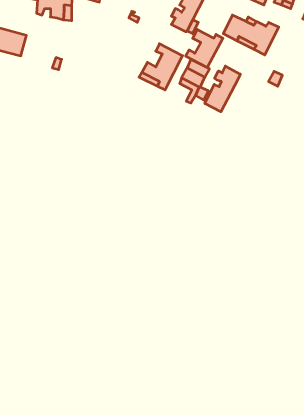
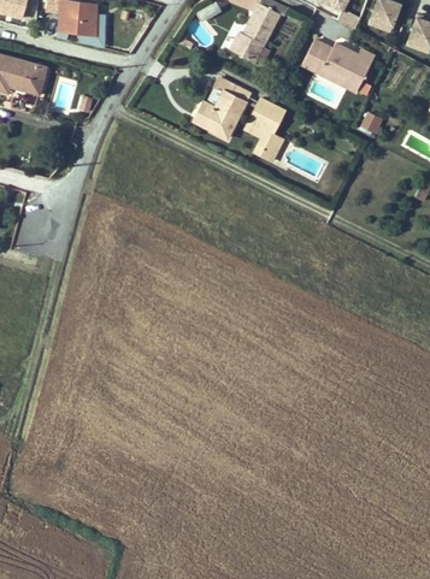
building: [186,29,223,68] -> none
building: [205,66,240,112] -> none

